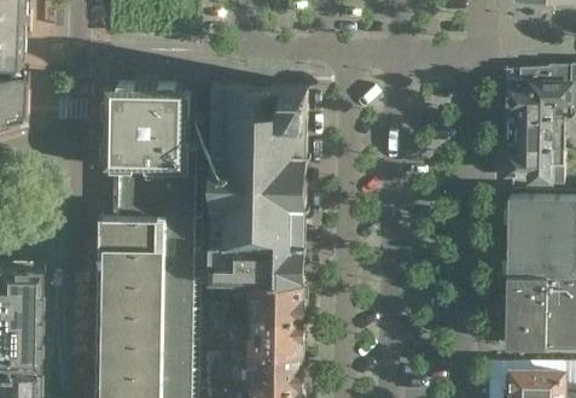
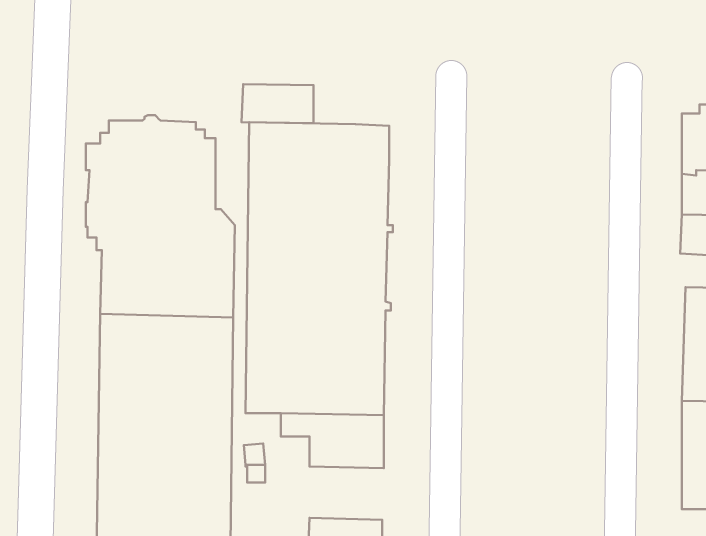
building: none -> [242,84,313,123]
building: [251,320,302,356] -> none

